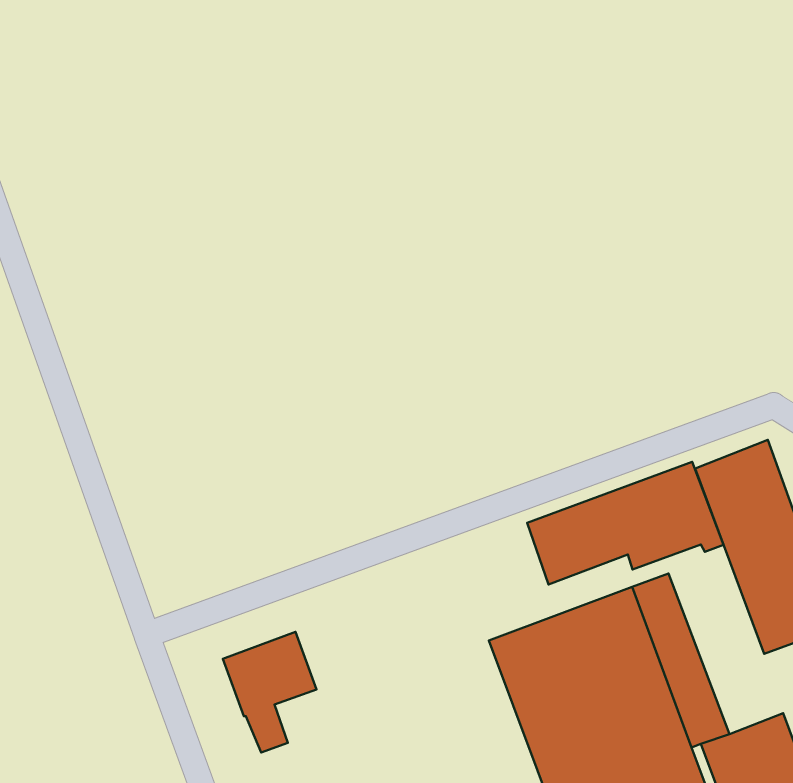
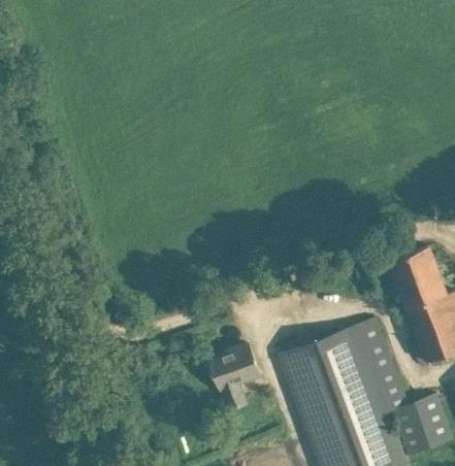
building: [527,462,723,585] -> none
building: [223,632,317,752] -> [209,344,260,409]

